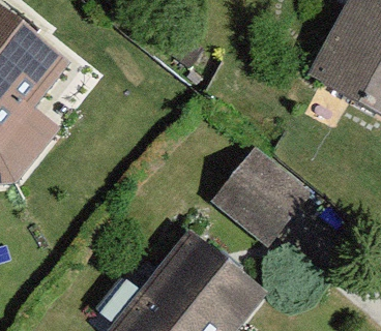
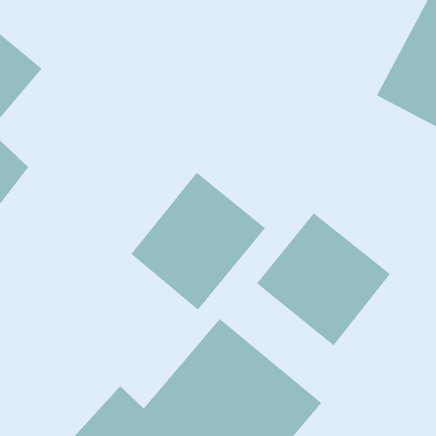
building: none -> [130,172,266,311]

